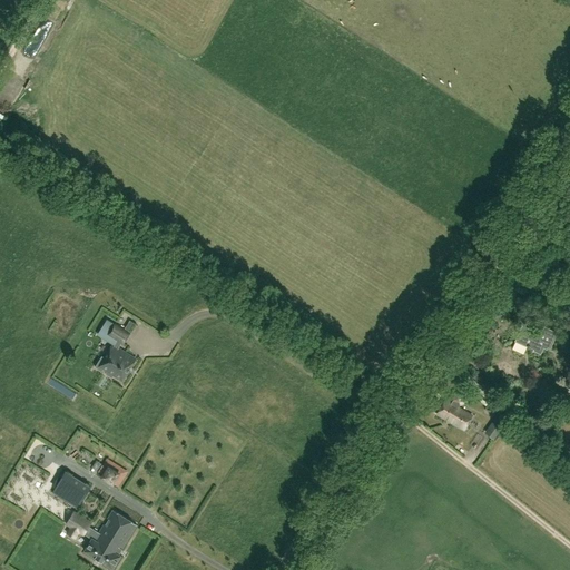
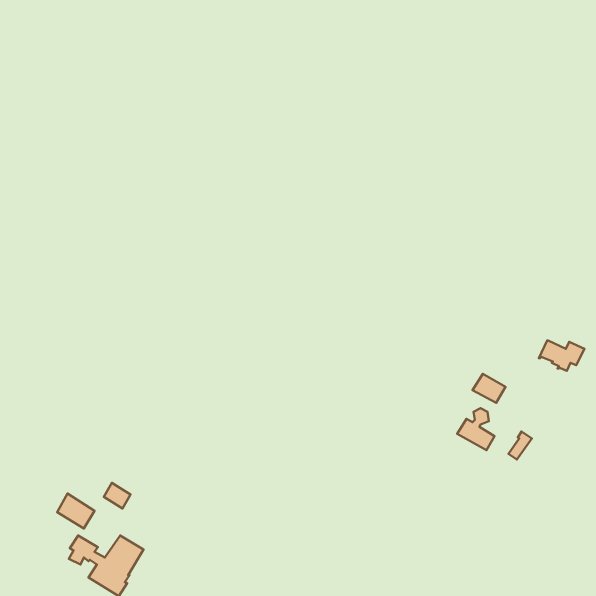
building: [95,321,136,381] -> none
building: none -> [472,374,505,403]

